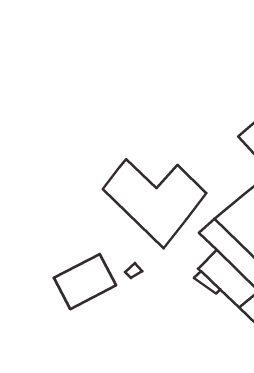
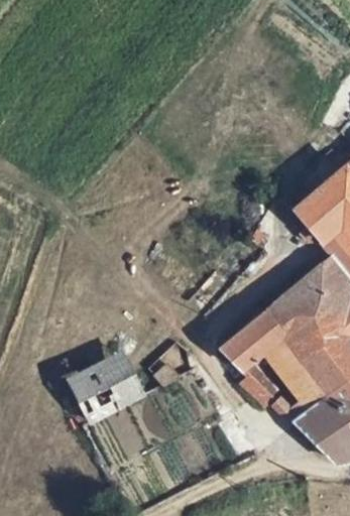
building: [103,159,206,248] -> none
building: none -> [222,329,269,373]

